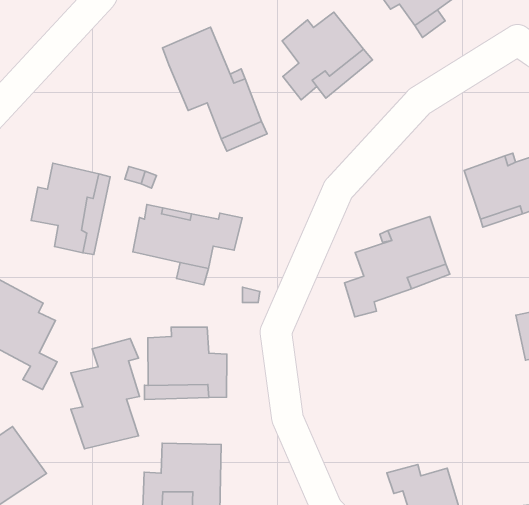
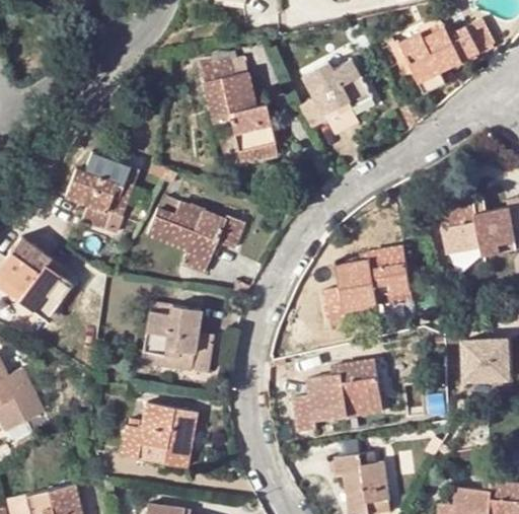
building: [71,338,140,449] -> none
building: none -> [294,360,384,433]

